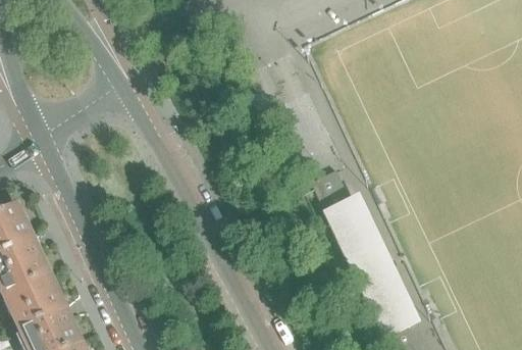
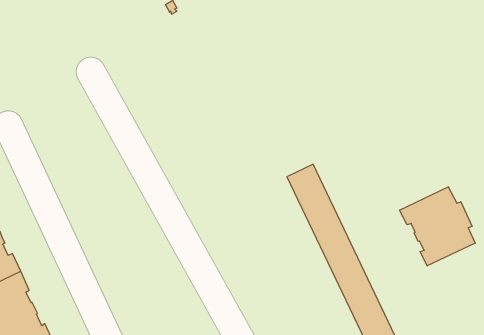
building: none -> [400,187,475,266]

